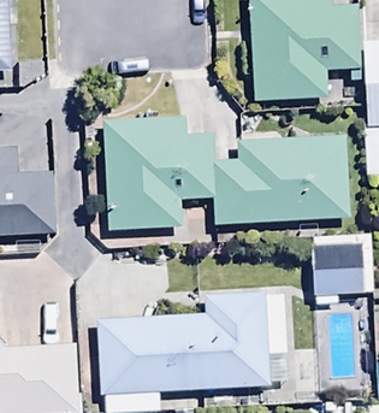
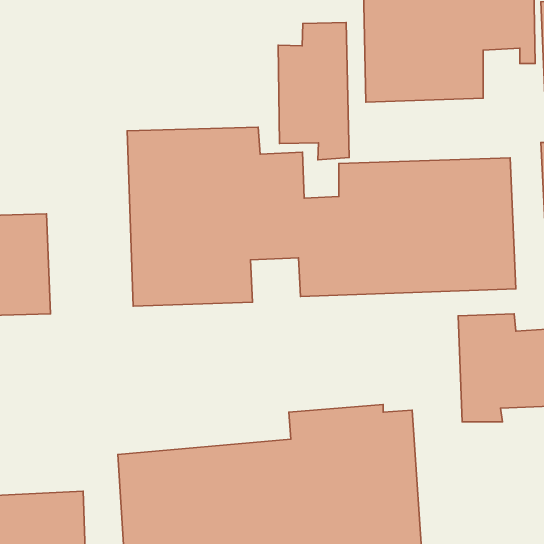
building: none -> [278,22,349,160]

